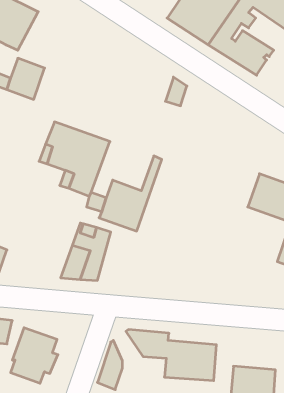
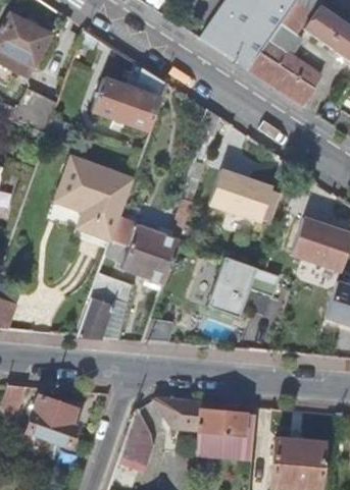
building: none -> [93,67,169,129]
building: none -> [209,168,273,222]
building: none -> [207,257,281,317]

